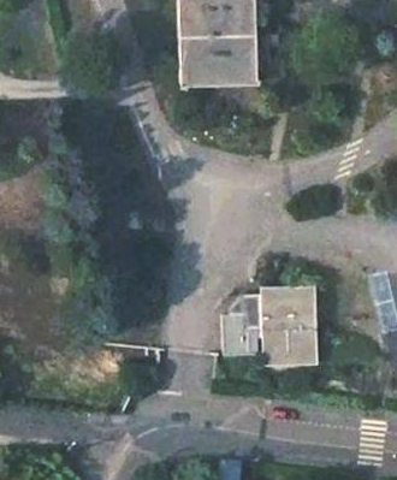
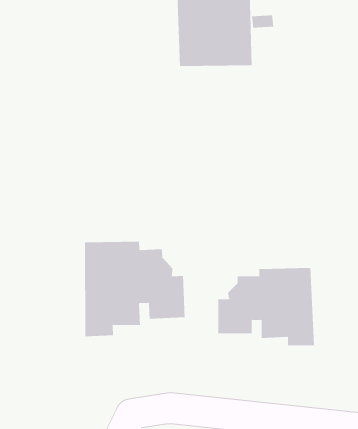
building: none -> [85,241,185,337]

